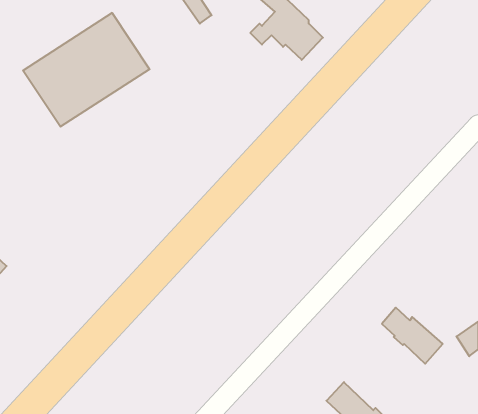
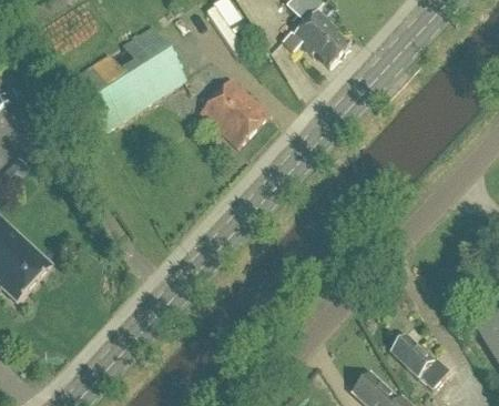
building: none -> [200,79,269,149]
building: [382,308,443,364] -> [391,336,449,389]

